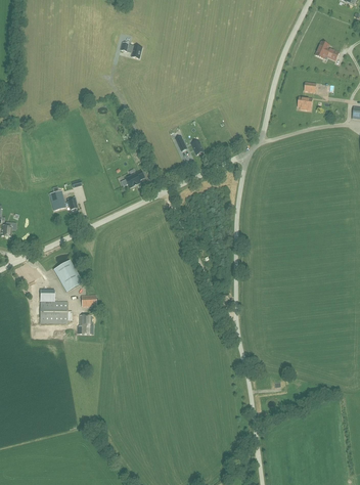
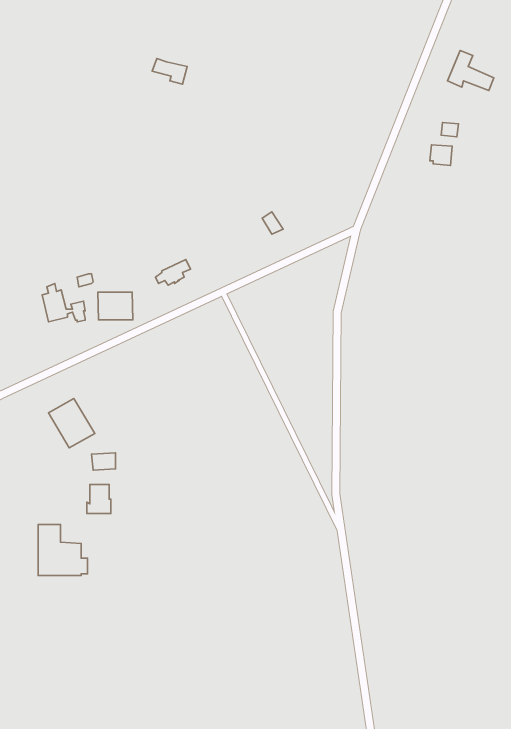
building: none -> [98,292,133,320]
building: [40,290,72,322] -> [38,525,87,576]

